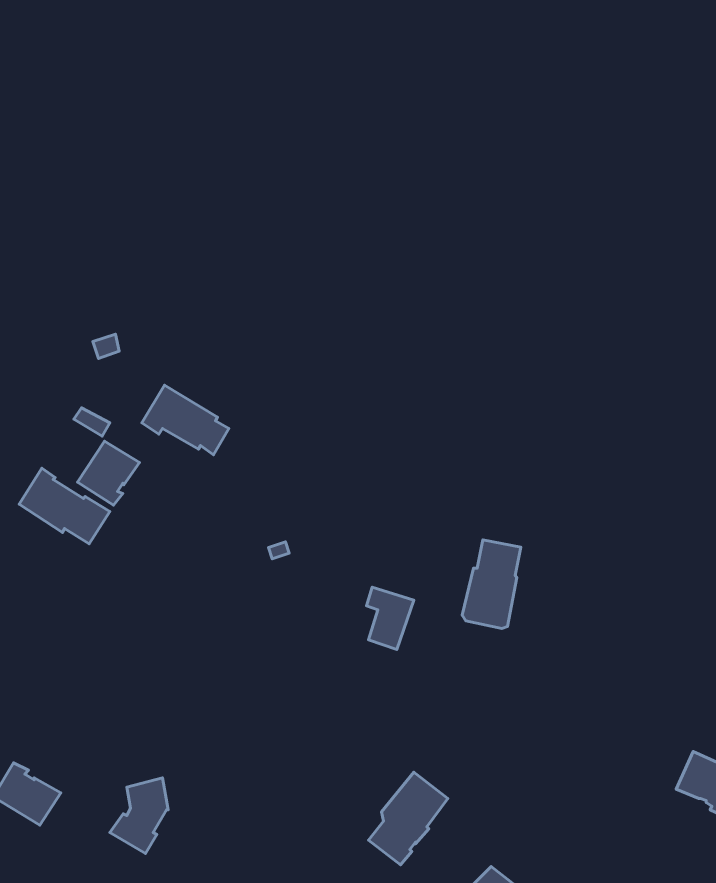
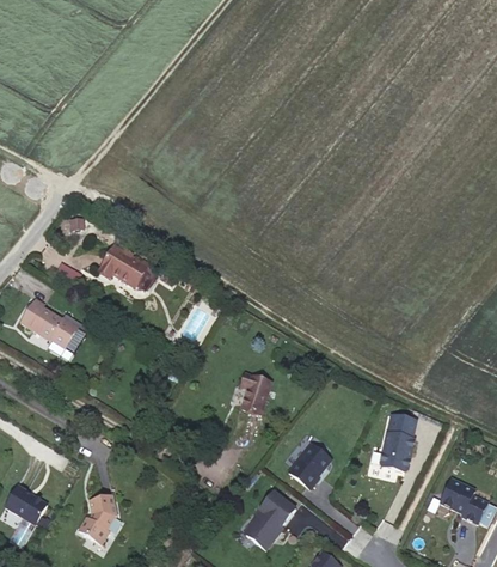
building: [77,441,139,505] -> none
building: [462,540,521,628] -> [378,415,415,471]
building: none -> [287,444,330,489]

